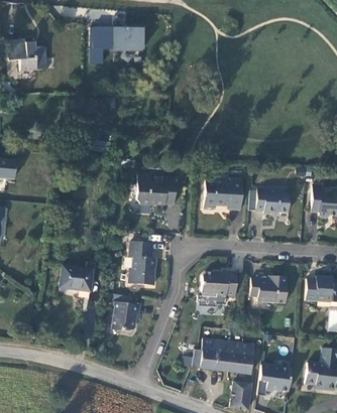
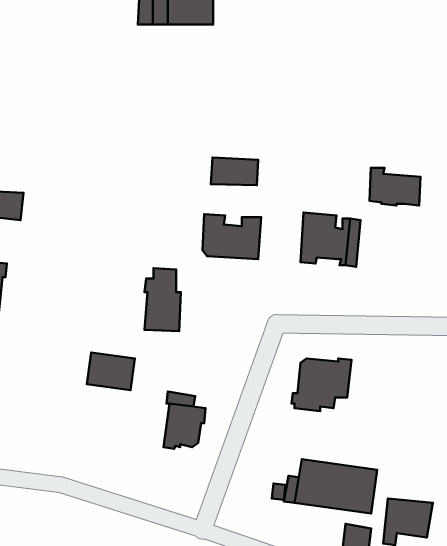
building: [7,36,47,73] -> none
building: none -> [211,158,258,185]
building: [257,188,292,214] -> [369,168,421,205]
building: [130,242,154,284] -> [145,268,181,331]
building: [251,275,288,303] -> none

